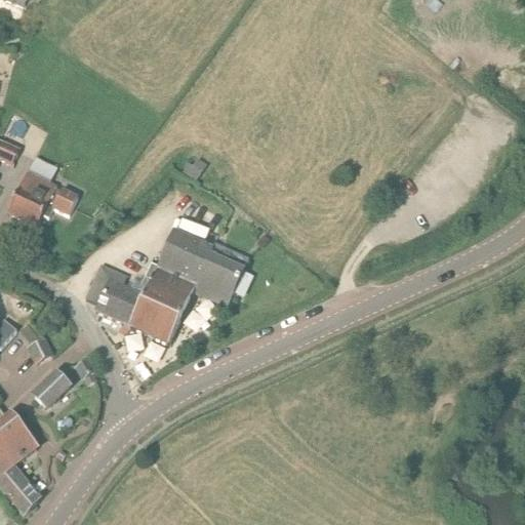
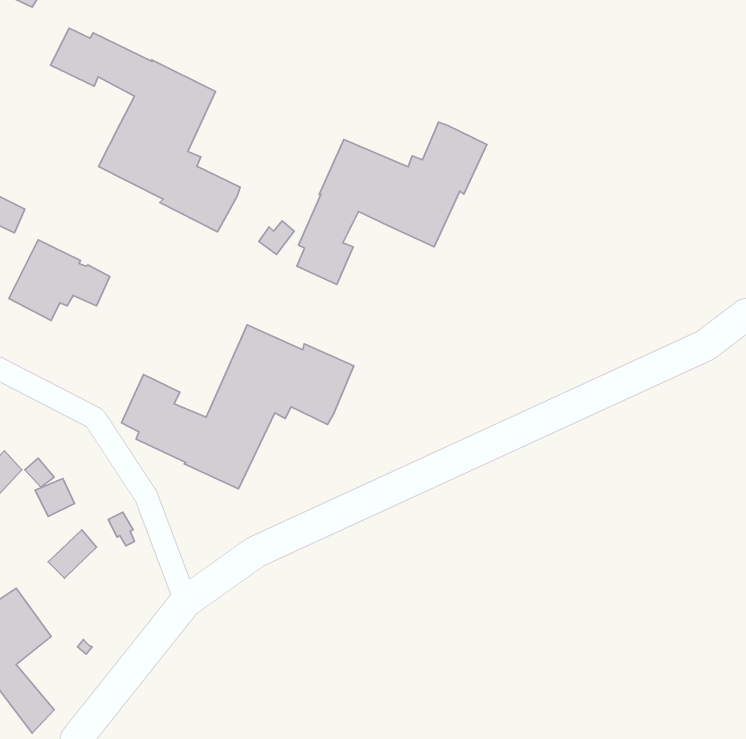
building: none -> [51,28,240,232]
building: none -> [297,122,487,284]

